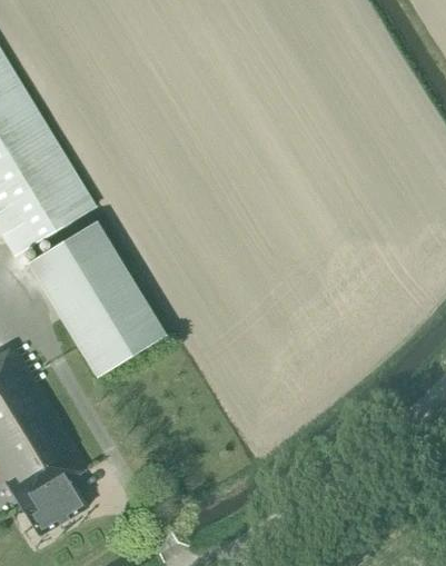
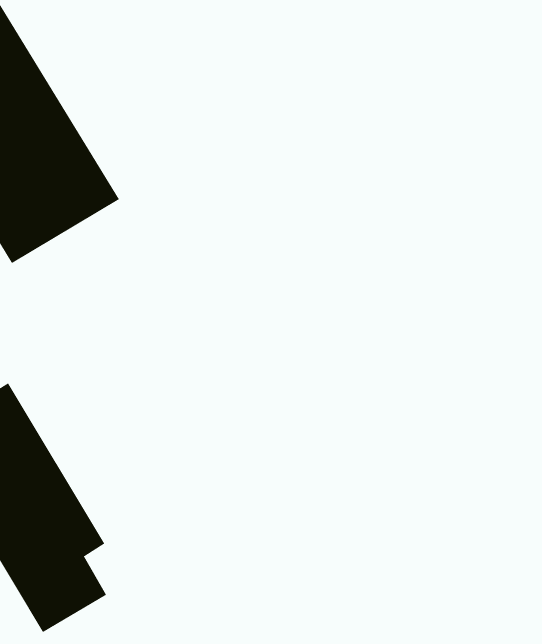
building: [29,219,165,374] -> none

